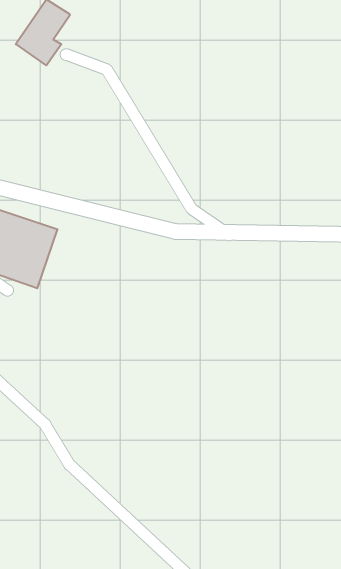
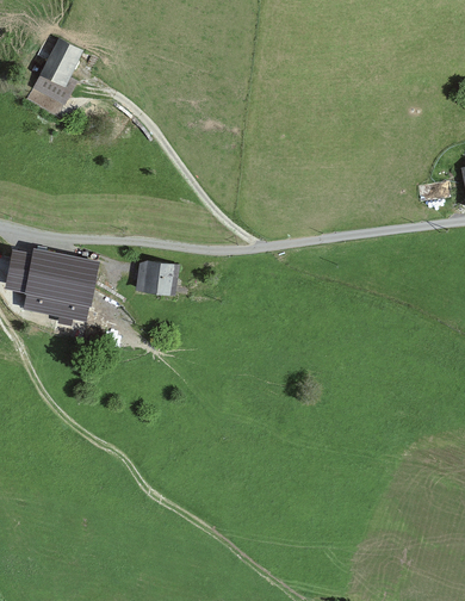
building: none -> [136,260,175,293]

